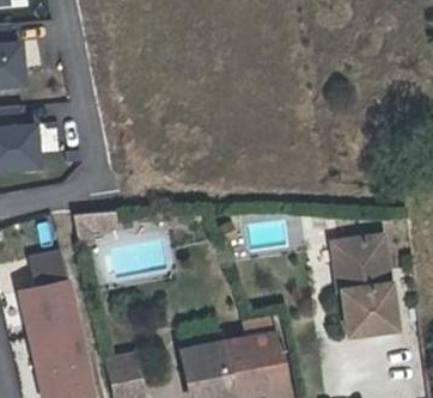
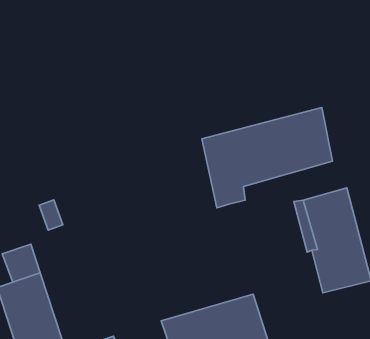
building: none -> [202,107,333,208]

